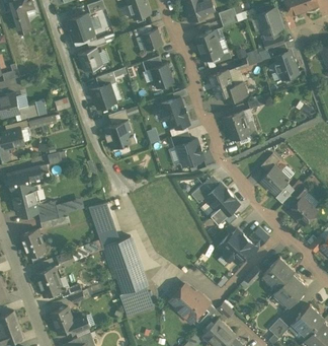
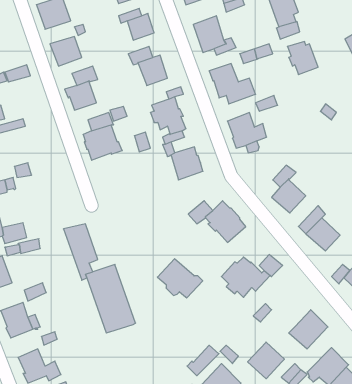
building: [264,258,295,288] -> [248,342,284,379]
building: [171,285,209,318] -> [157,259,203,298]
building: [127,286,153,312] -> none

